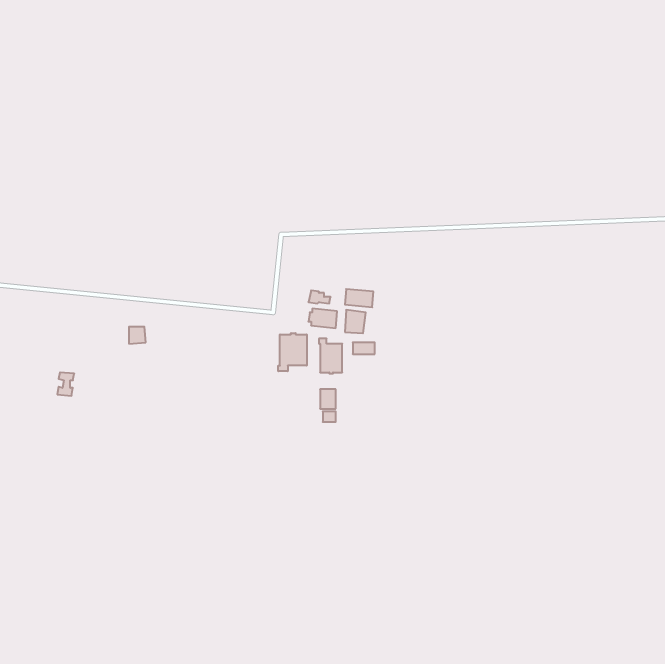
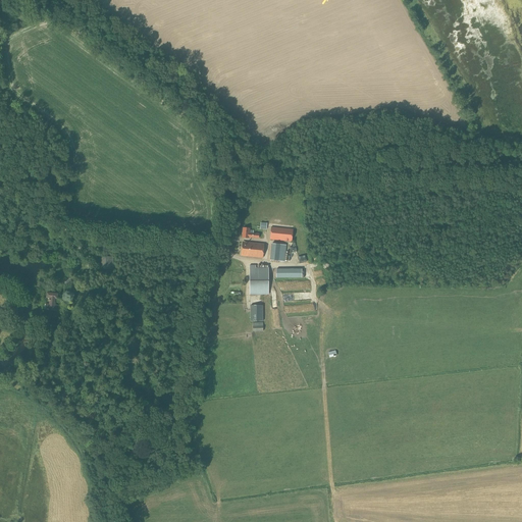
building: [278,333,307,371] -> none

